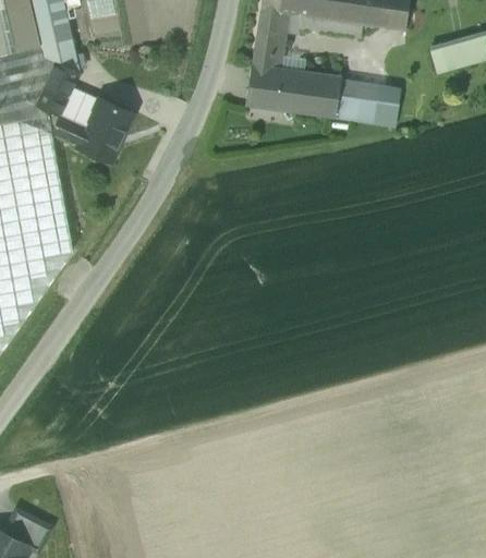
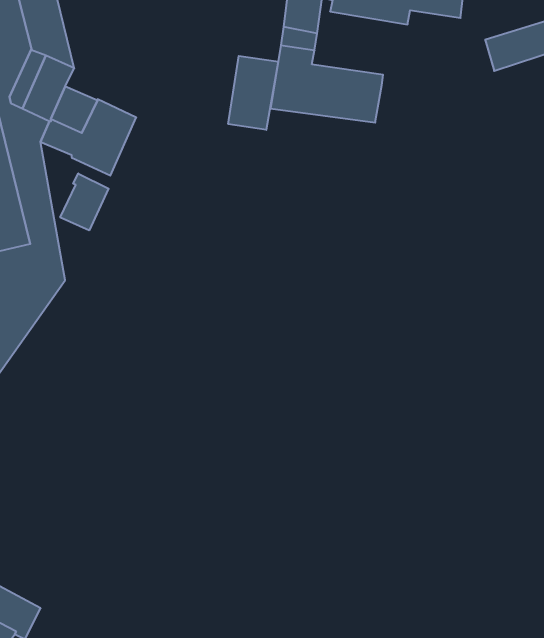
building: none -> [228,56,278,130]
building: [333,86,396,125] -> none
building: none -> [60,173,109,230]

